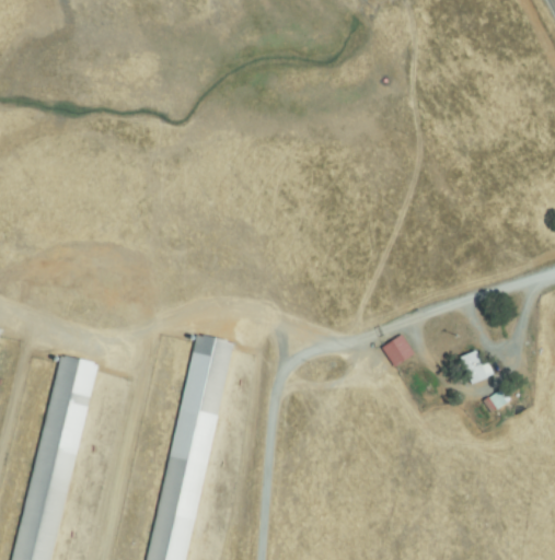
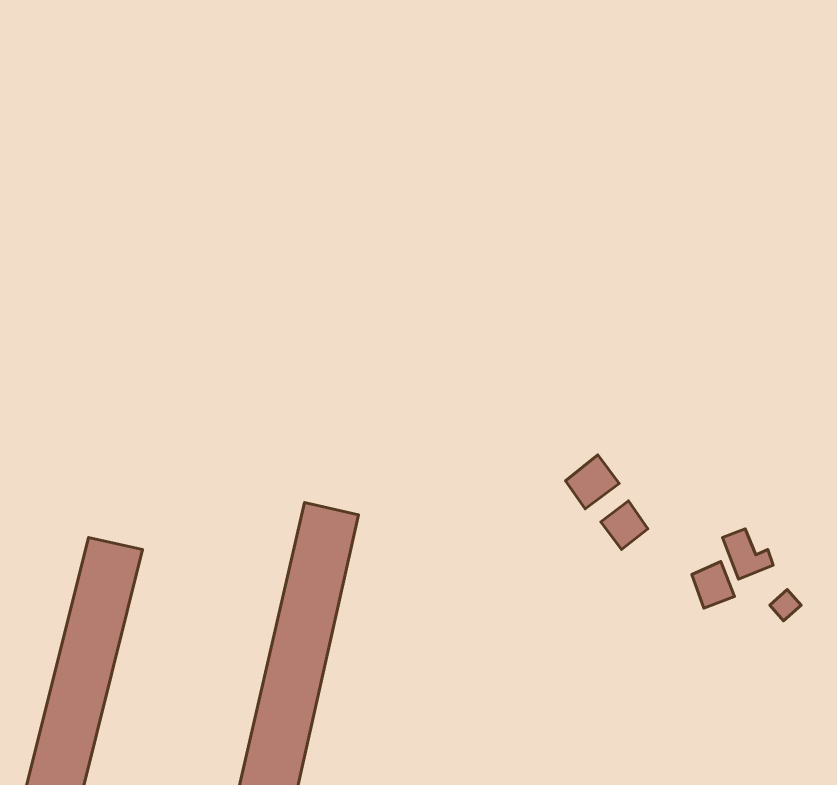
building: none -> [566,455,619,509]
building: none -> [692,562,734,608]

